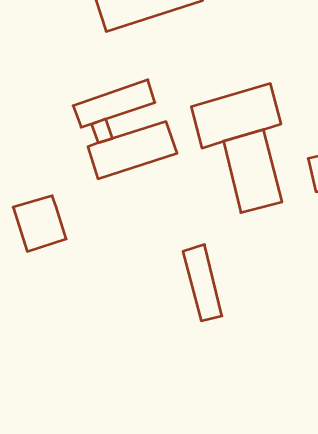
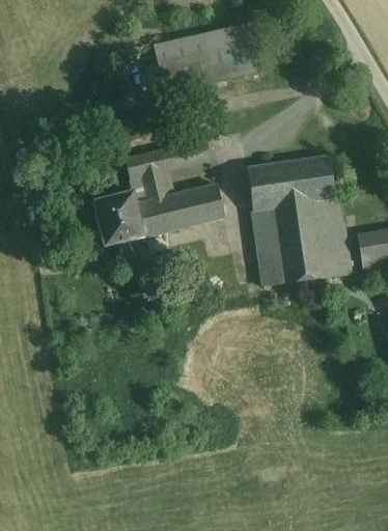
building: none -> [312,197,348,274]
building: [13,196,66,251] -> [95,193,145,246]
building: [183,245,222,321] -> [250,209,283,284]

